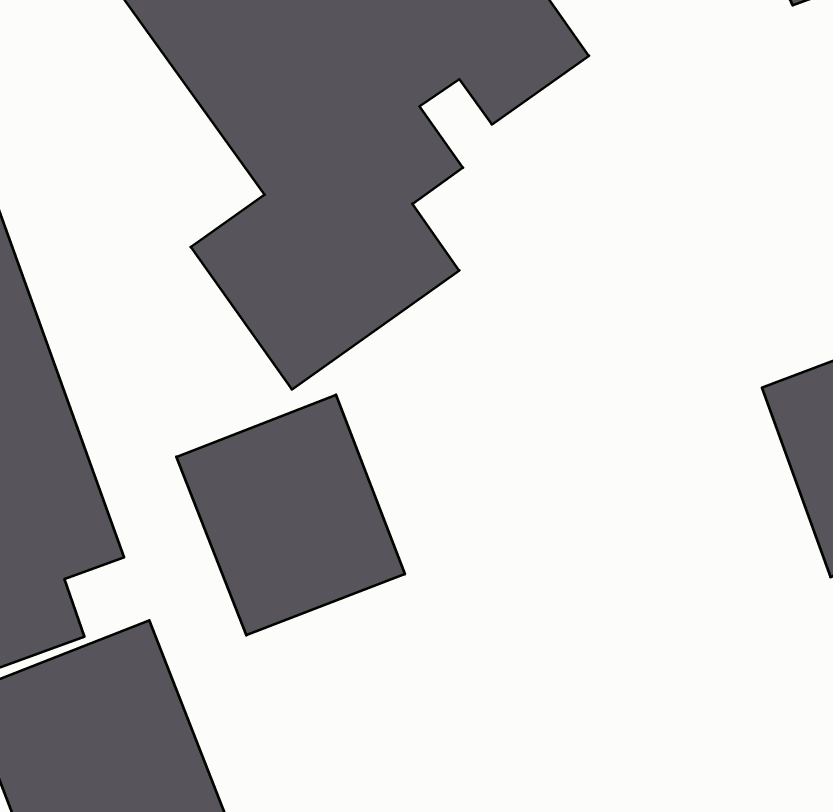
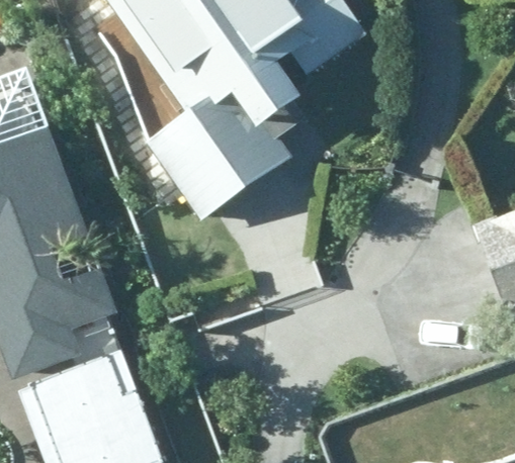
building: [176,395,405,635] -> none

